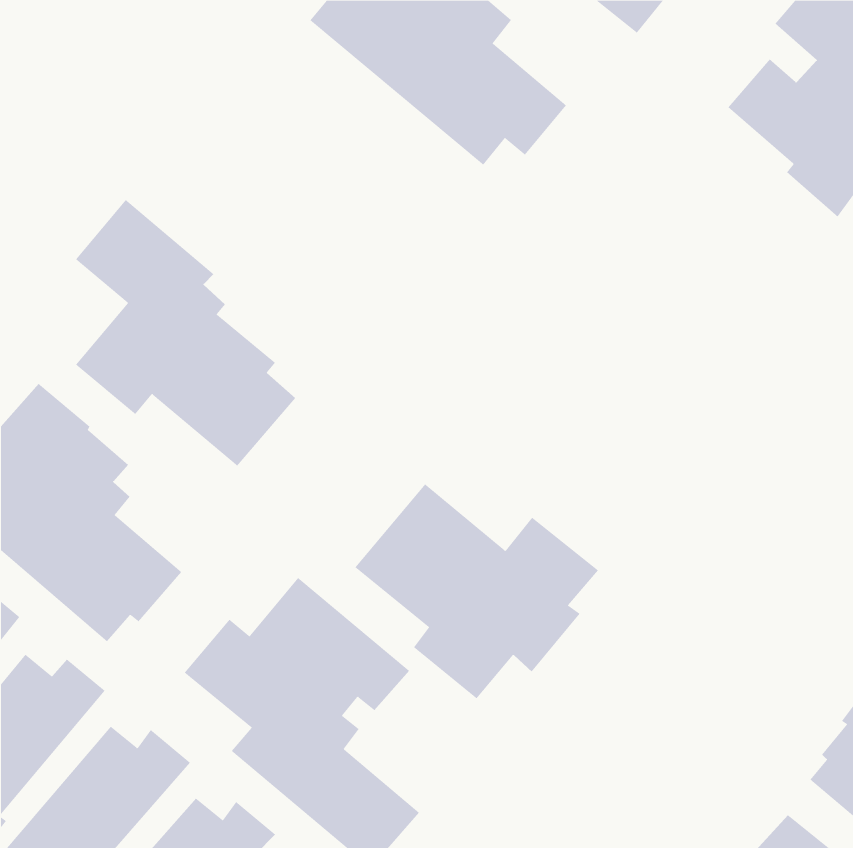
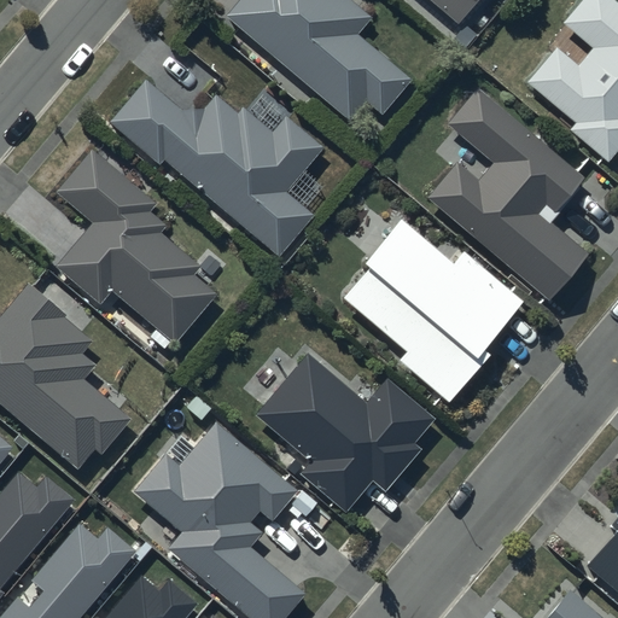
building: none -> [110,82,321,256]
building: none -> [427,88,587,297]
building: none -> [343,215,523,401]

